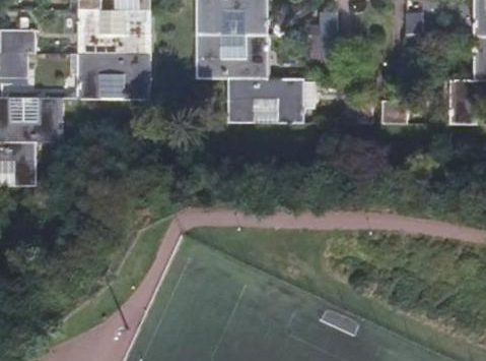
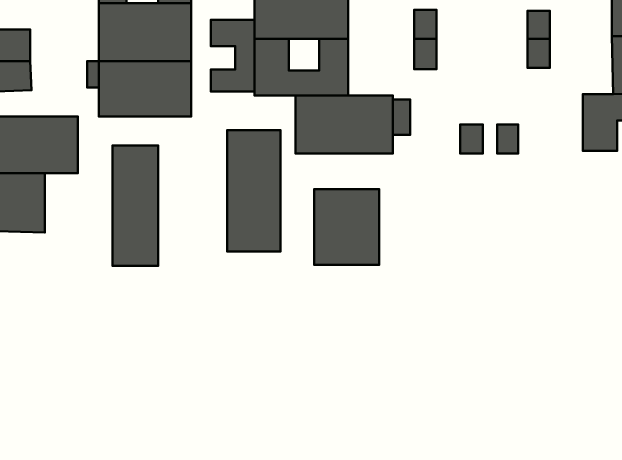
building: none -> [211,20,255,92]
building: none -> [227,130,281,252]
building: none -> [112,146,158,266]
building: none -> [314,189,379,265]

